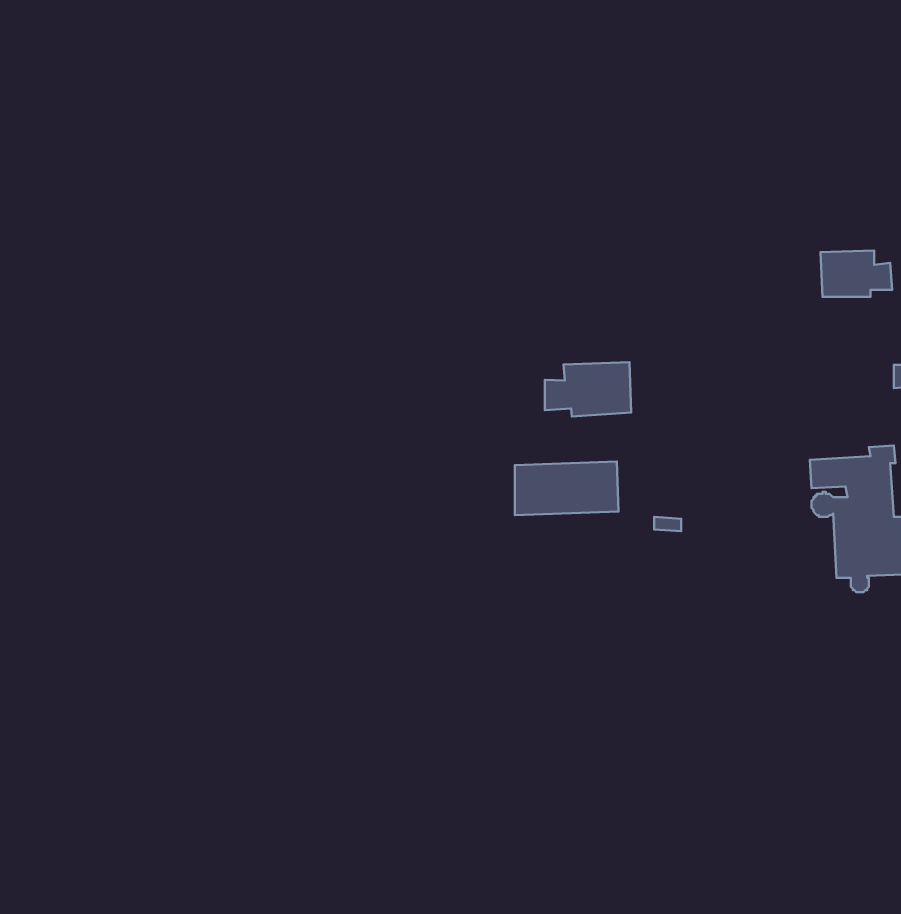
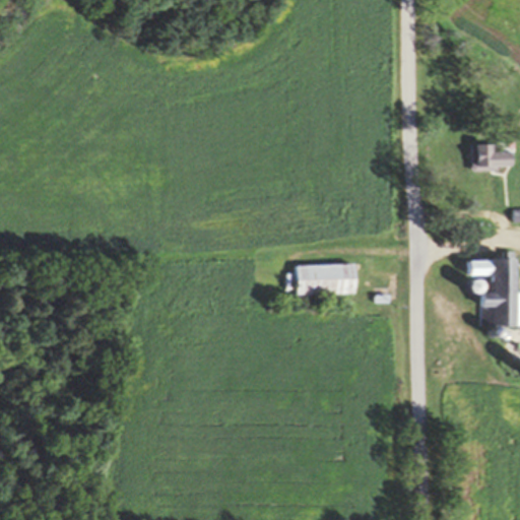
building: [545,362,631,417] -> none

